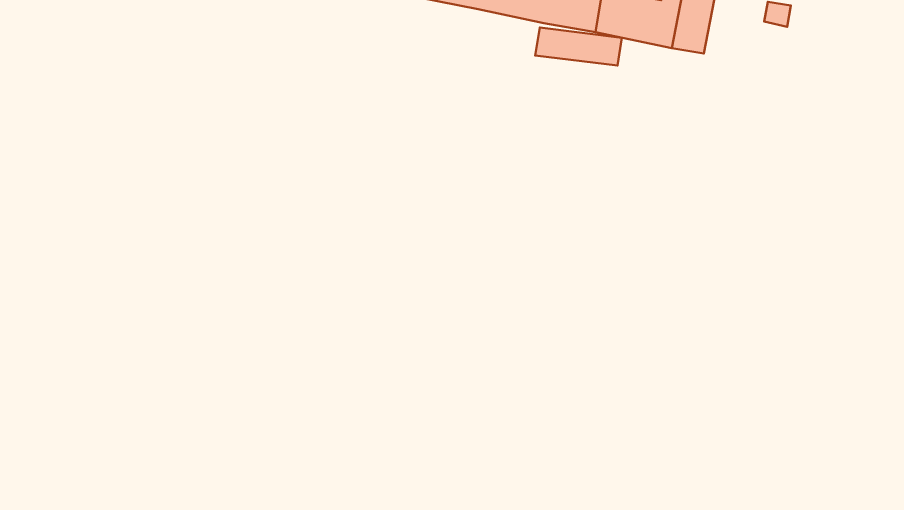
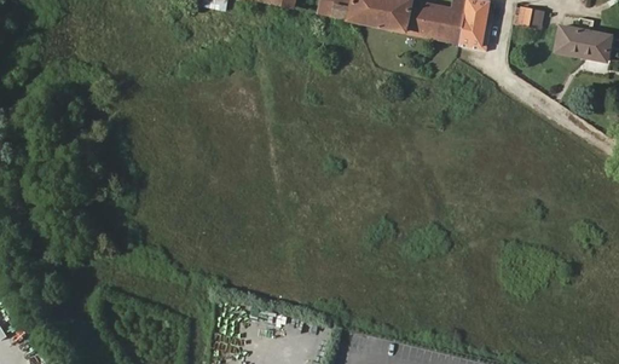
building: none -> [556,25,611,62]
building: [535,28,622,66] -> none

